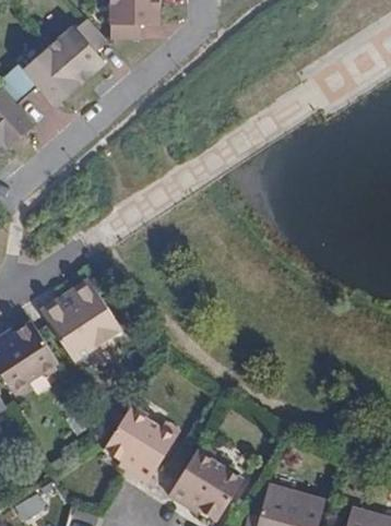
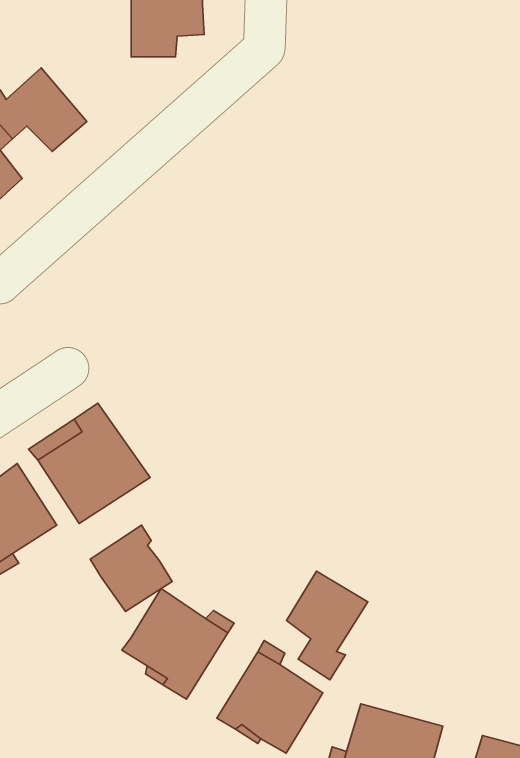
building: [47,20,106,85] -> none
building: none -> [90,525,172,612]
building: none -> [287,571,368,680]

